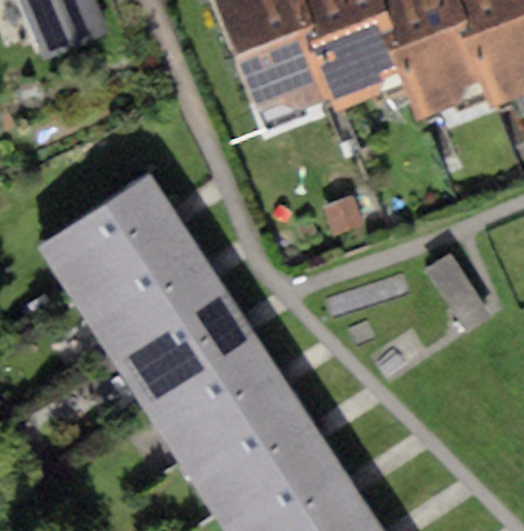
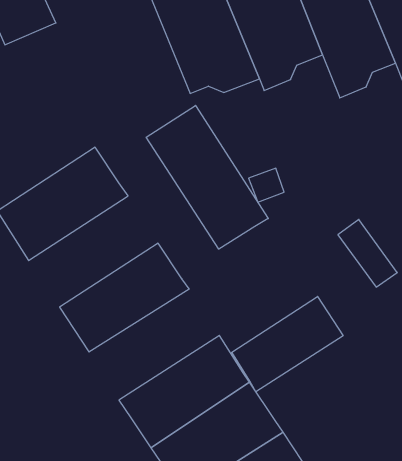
building: none -> [146,105,268,249]
building: [73,228,220,355] -> none
building: [141,334,289,460] -> none
building: none -> [232,296,343,392]

